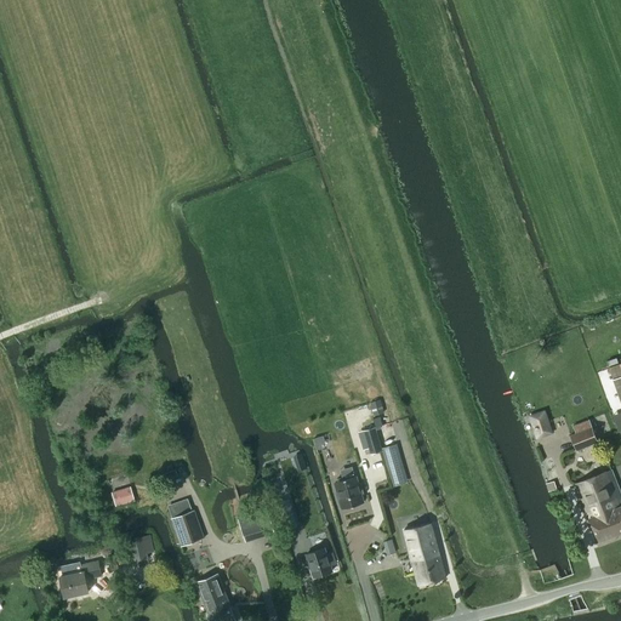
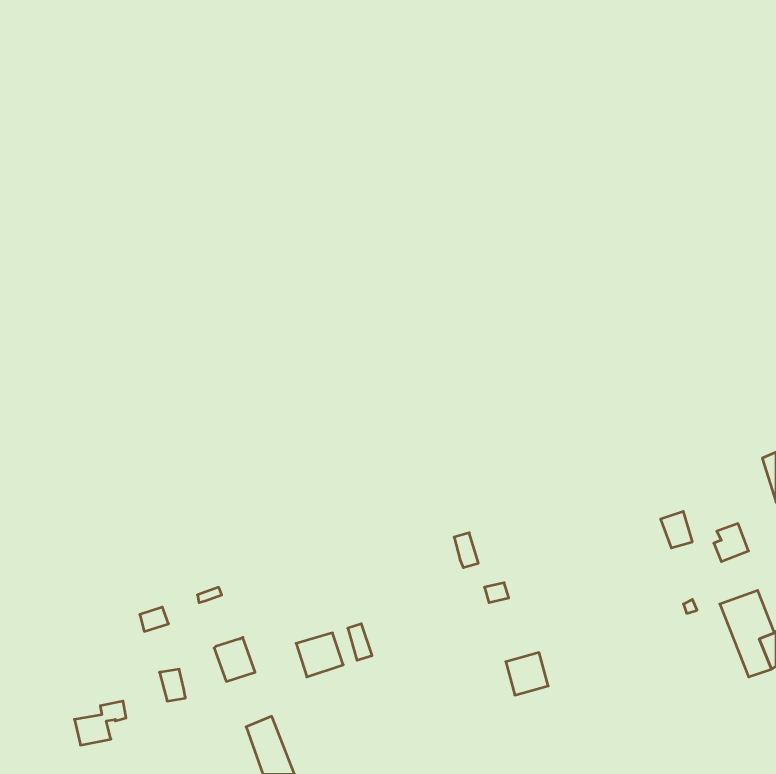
building: [336,475,364,507] -> none
building: [306,547,335,576] -> none
building: [411,548,445,583] -> none

